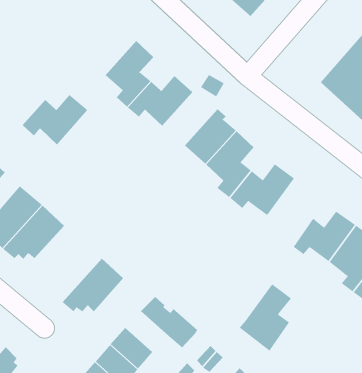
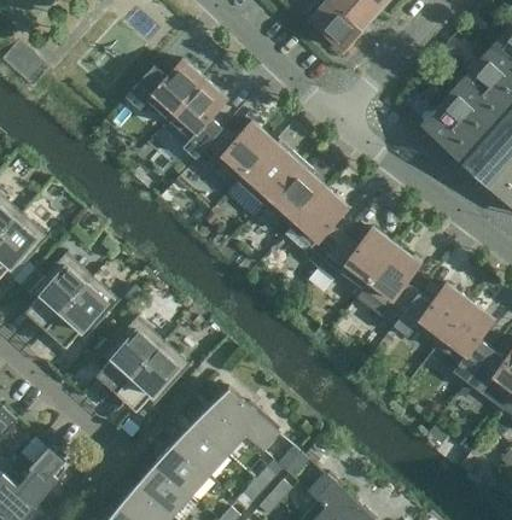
building: none -> [237,142,303,206]
building: [22,94,88,145] -> [126,60,205,122]
building: none -> [101,317,164,395]
building: [239,283,292,352] -> [356,246,420,328]
building: none -> [192,405,244,455]

